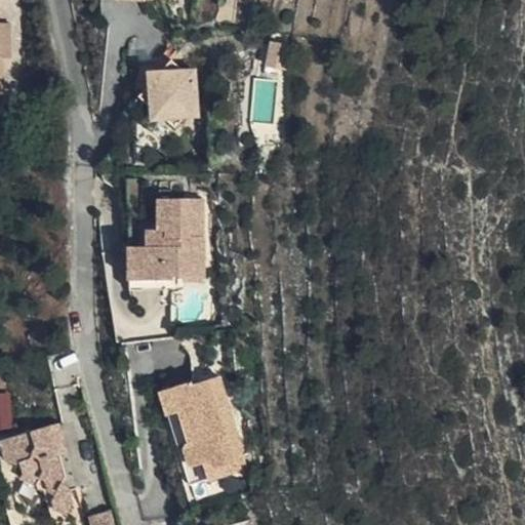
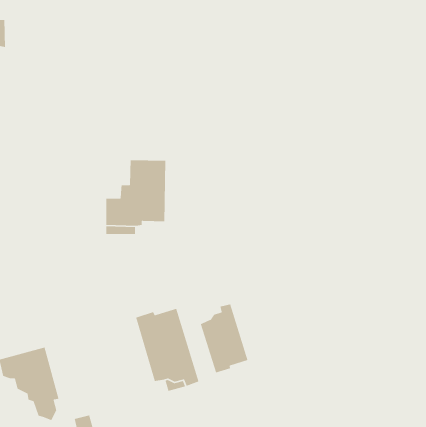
building: [138,54,201,127] -> none
building: none -> [200,303,248,373]

